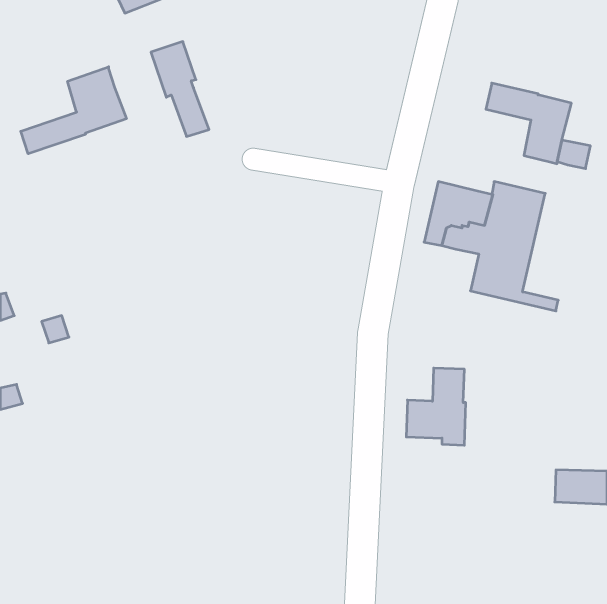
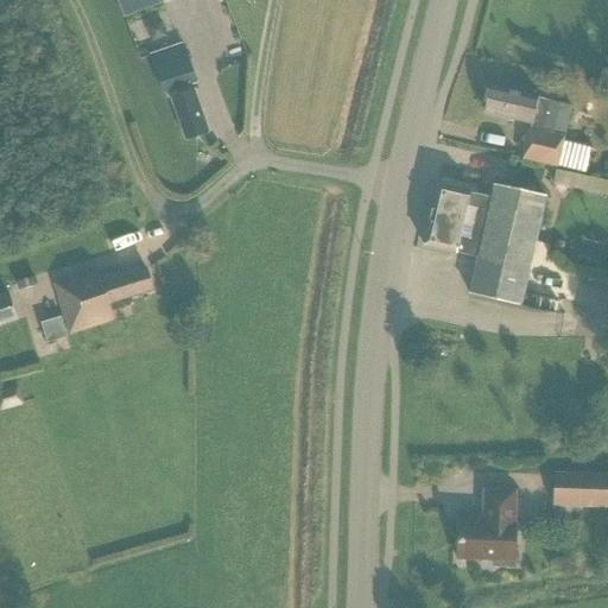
building: [21,67,126,154] -> none
building: none -> [53,264,153,331]
building: [406,368,466,445] -> [457,487,517,564]

